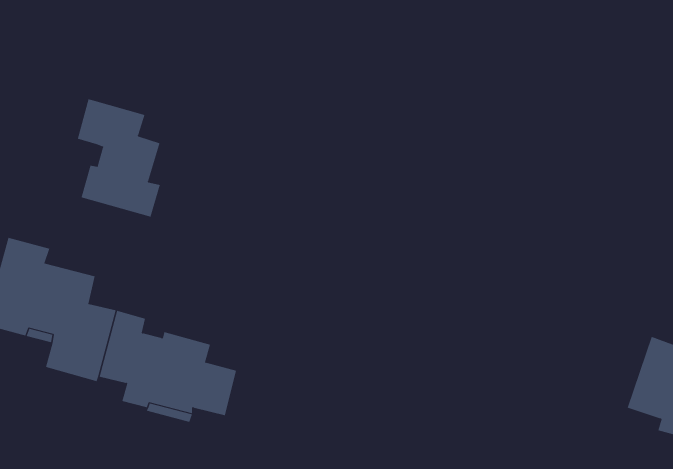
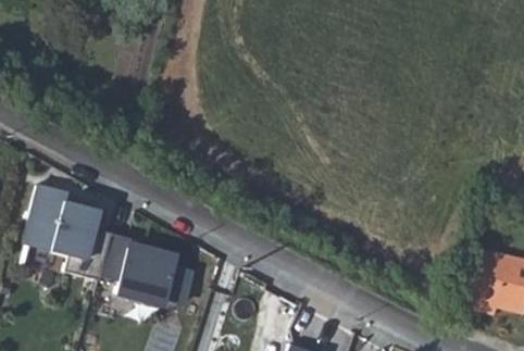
building: [77,99,160,217] -> none

